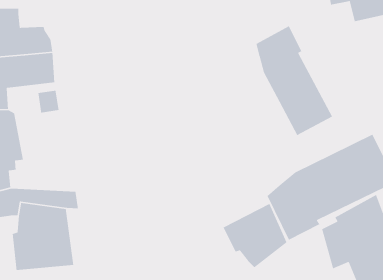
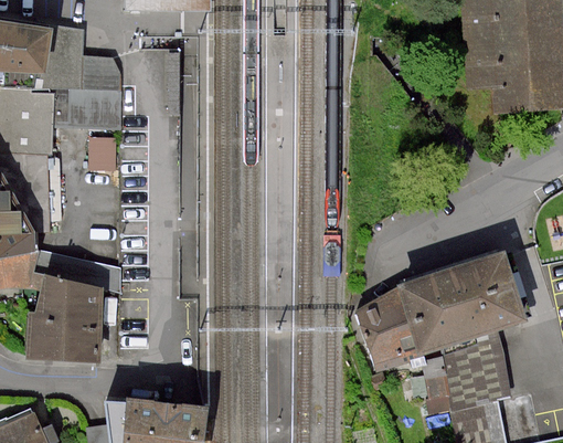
building: [255,25,333,136] -> none
building: [223,203,288,268] -> none

